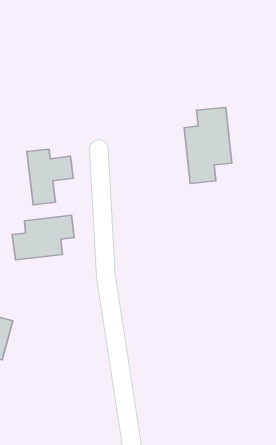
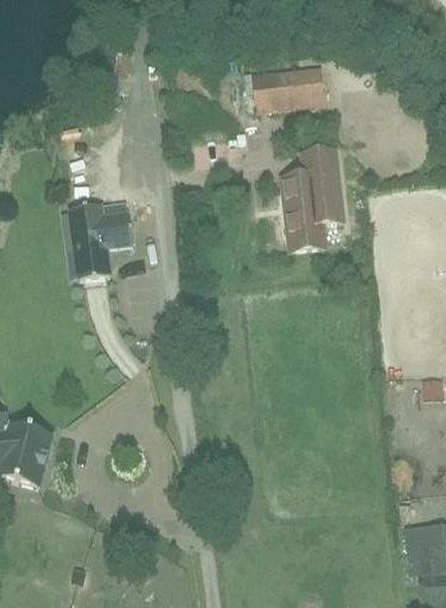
building: none -> [251,65,324,109]
building: [12,215,74,260] -> none

